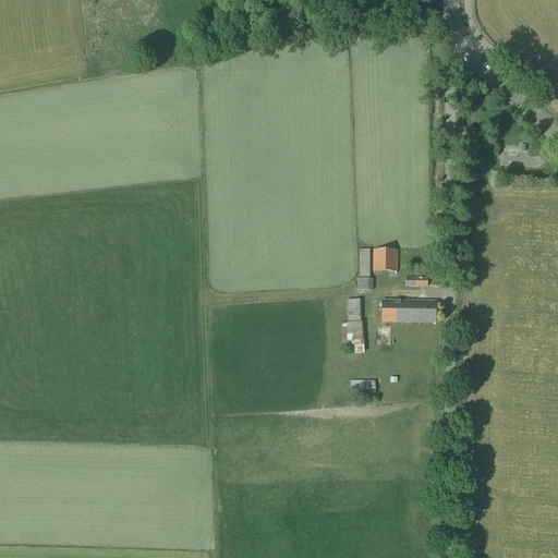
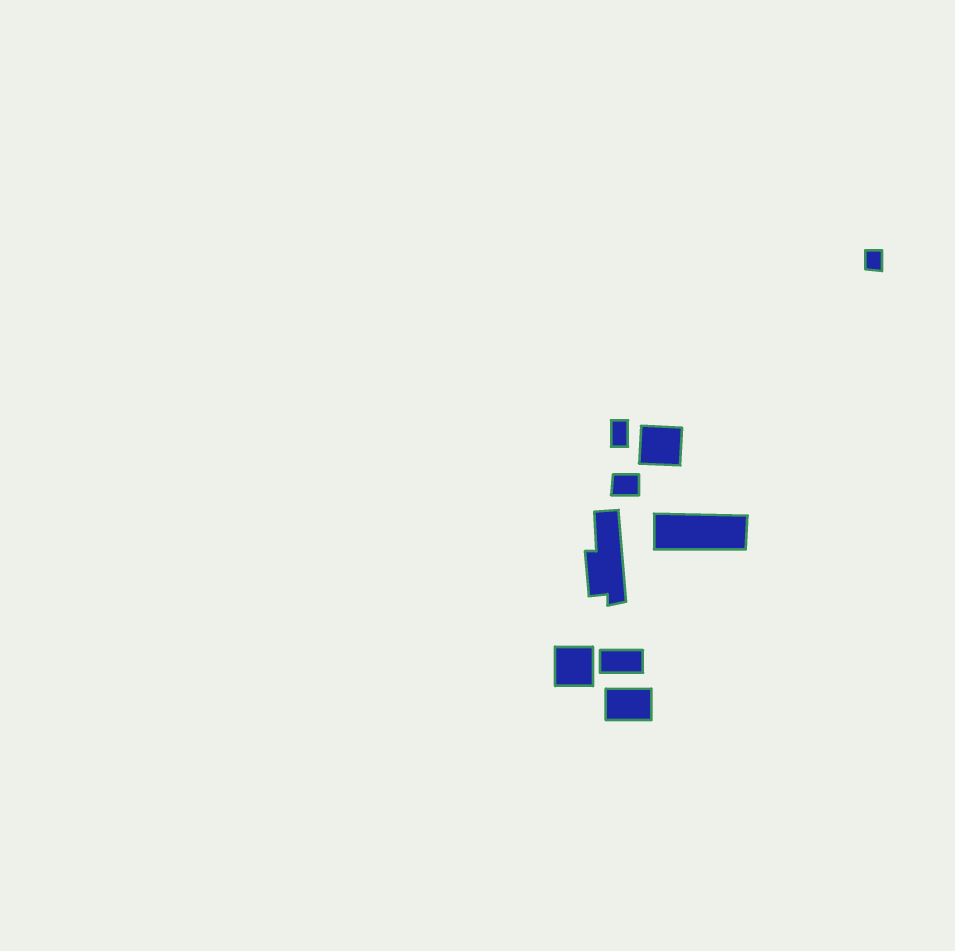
building: none -> [555,647,593,686]
building: none -> [606,689,651,720]

